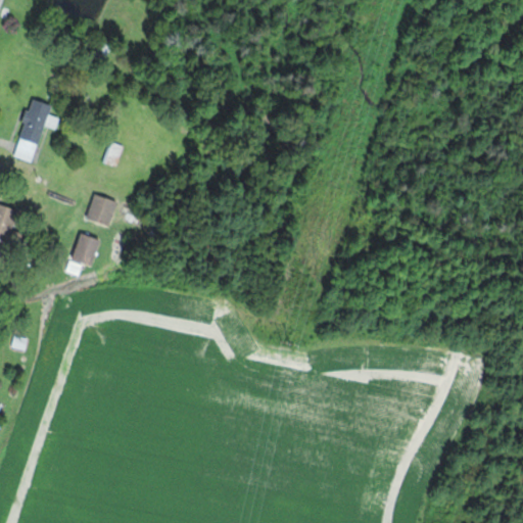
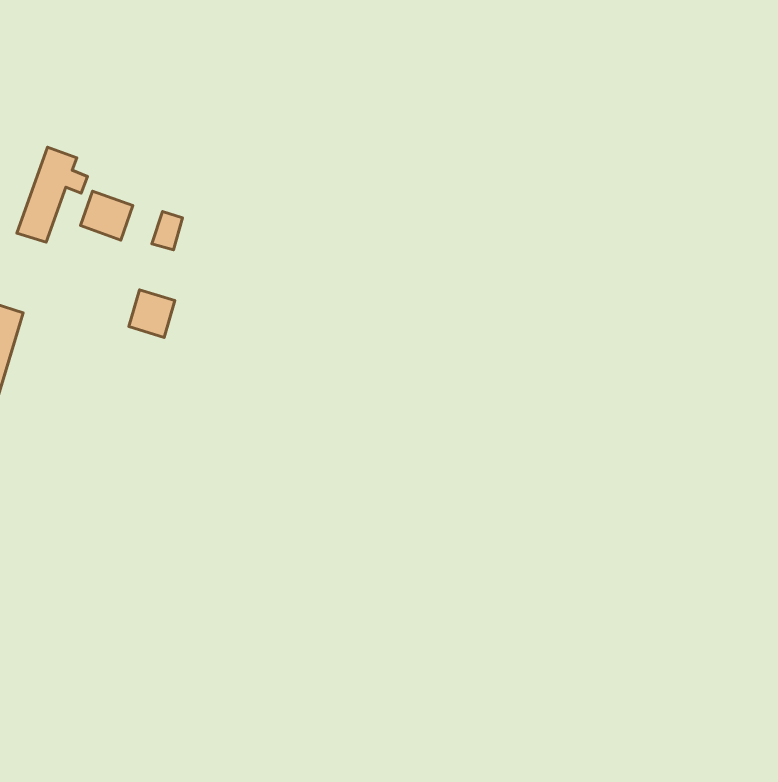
building: none -> [80,191,133,240]
building: [74,234,99,265] -> none

